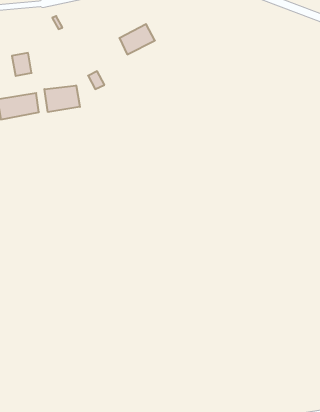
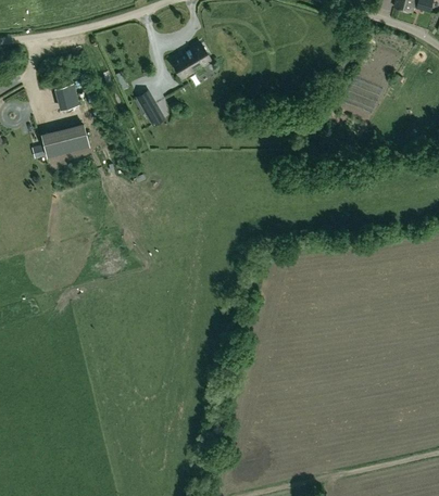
building: [44,85,80,112] -> none

